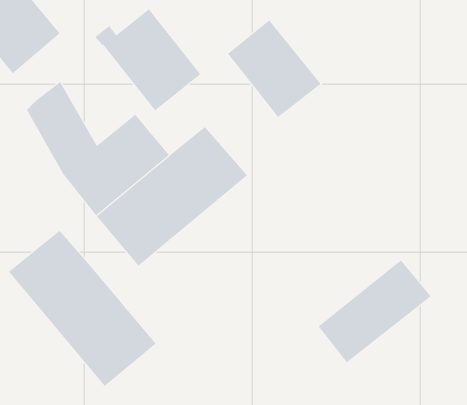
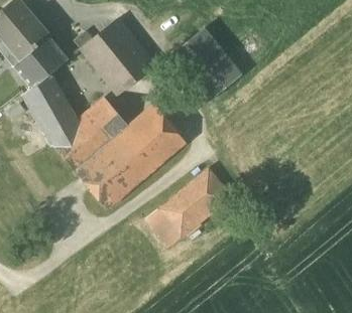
building: none -> [14,36,69,86]
building: [8,230,156,387] -> none
building: [318,259,431,363] -> [146,168,230,245]

